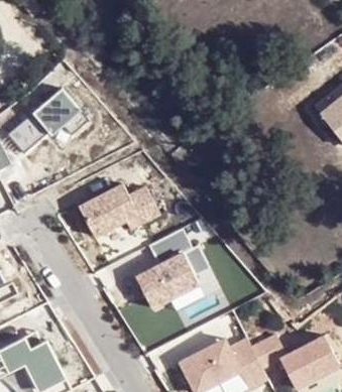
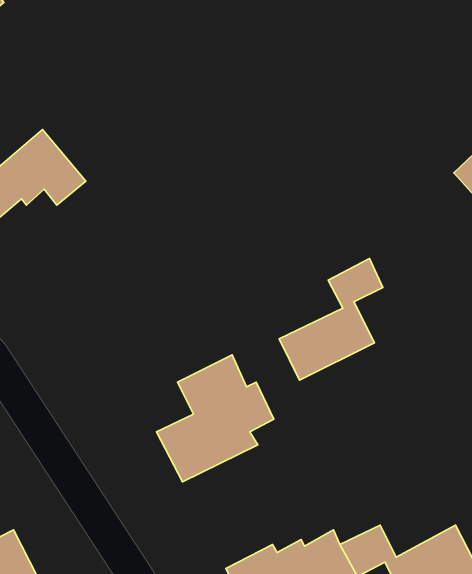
building: none -> [279,258,383,380]
building: [79,185,159,238] -> none

